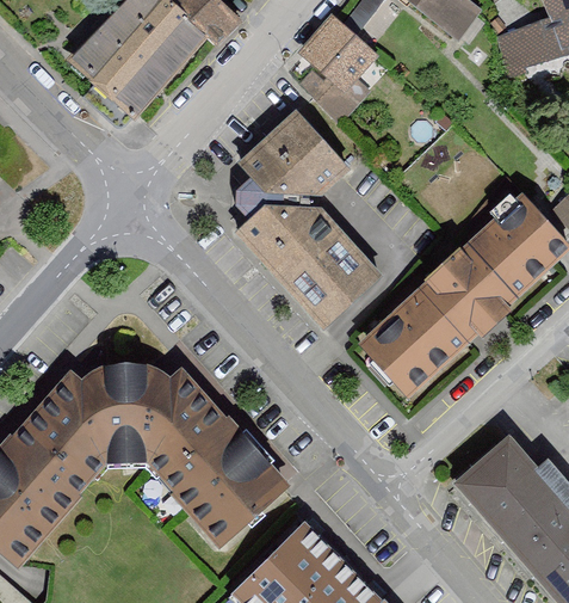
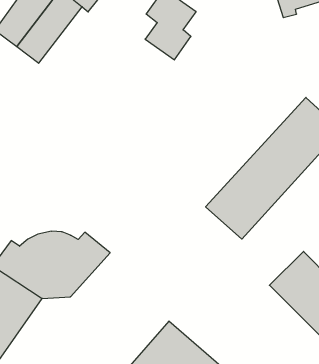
building: [236,113,382,328] -> none
building: [151,401,290,540] -> none

